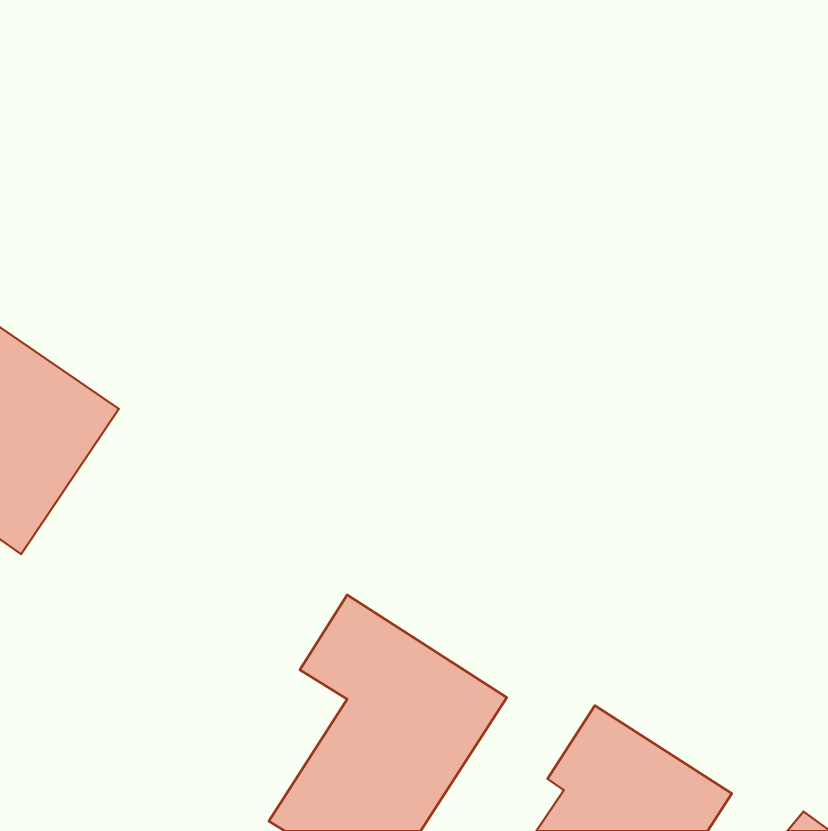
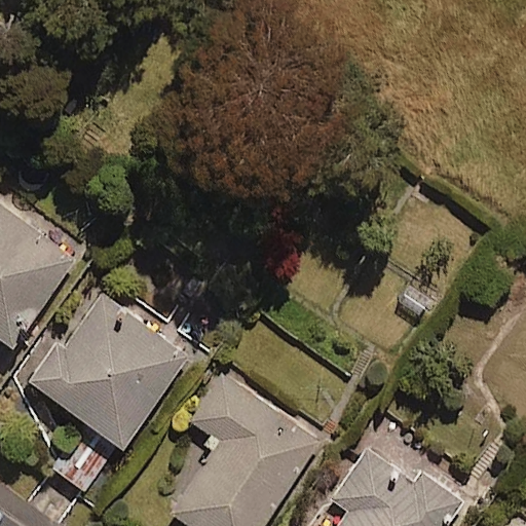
building: none -> [26,295,188,451]

